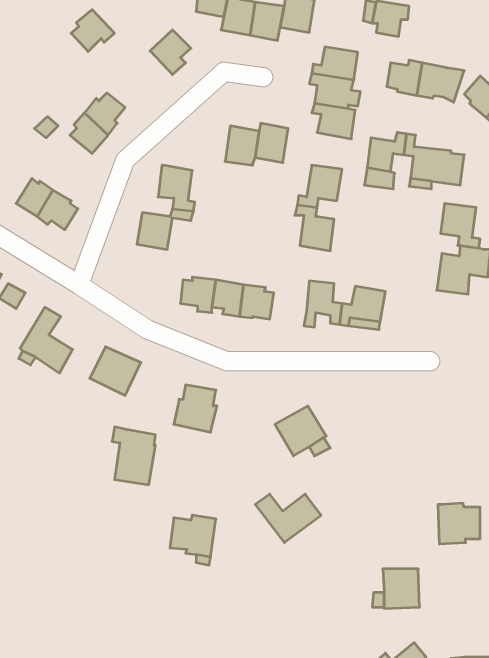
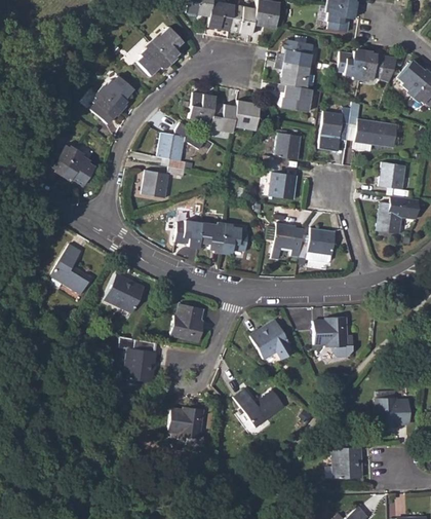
building: [71,10,114,52] -> [135,43,169,76]
building: none -> [189,92,216,122]
building: none -> [314,317,347,347]

